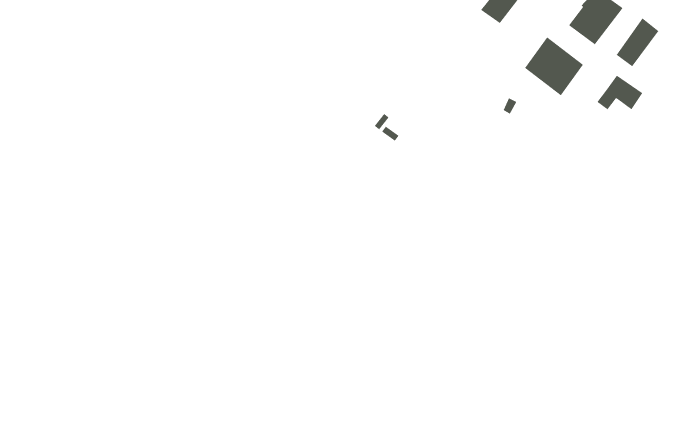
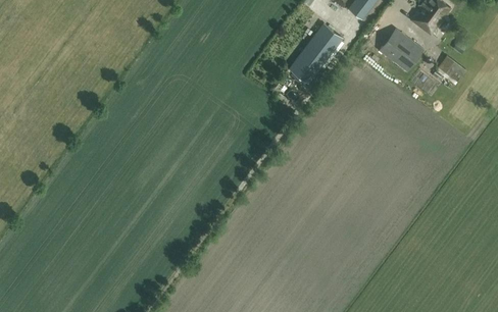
building: [616,18,659,67] -> none
building: none -> [288,23,344,84]

